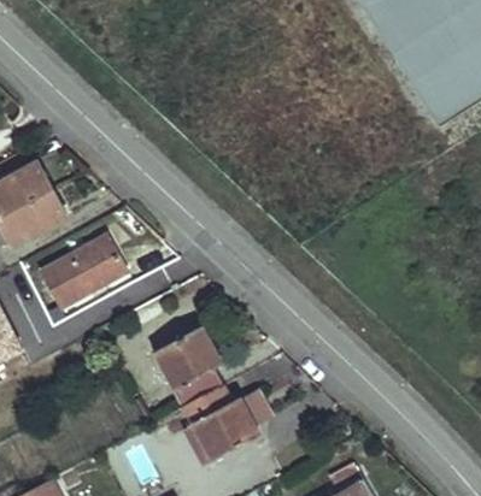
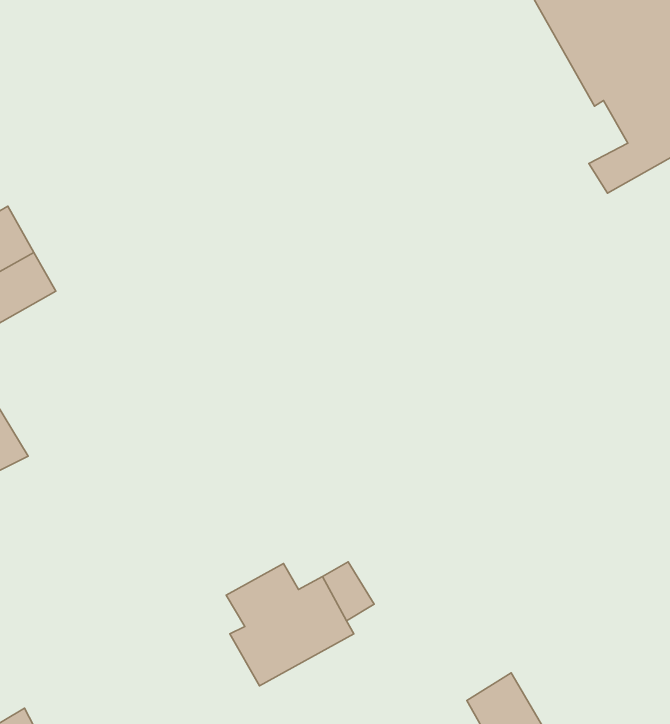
building: [45,237,130,307] -> none
building: [142,326,215,408] -> none

